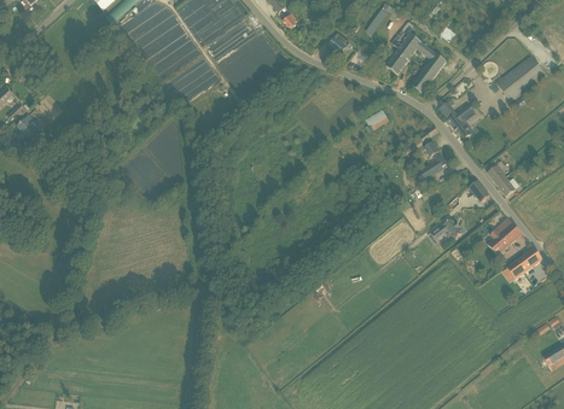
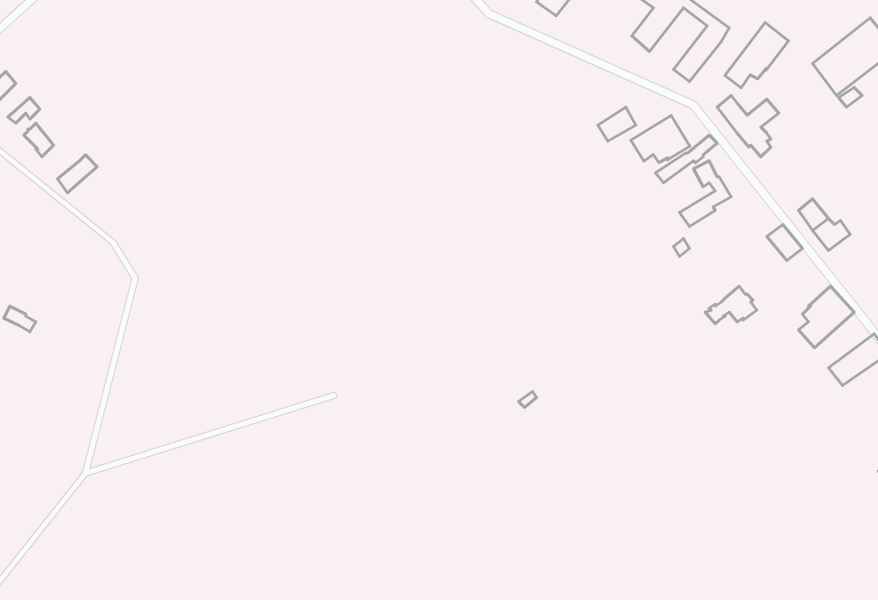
building: none -> [725,22,789,88]
building: none -> [631,115,690,163]

